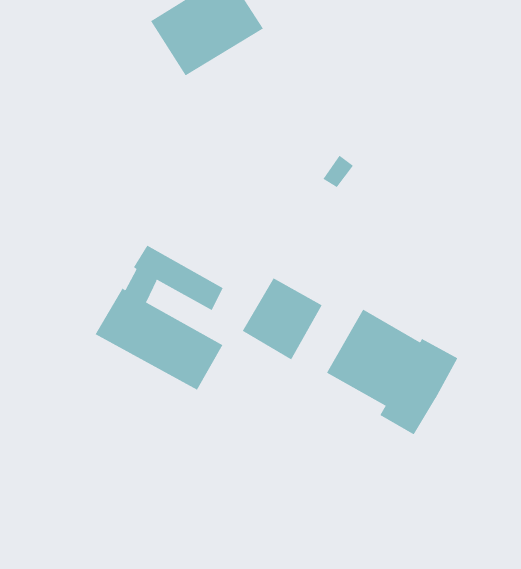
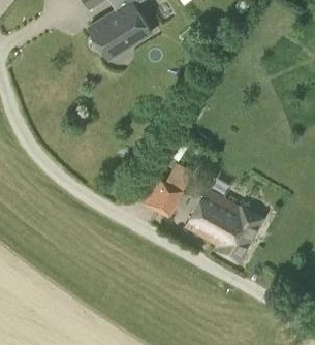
building: [95,245,224,391] -> none

